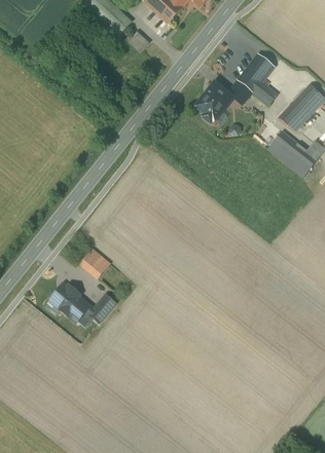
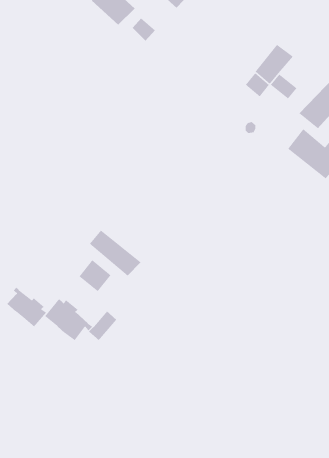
building: [195,82,231,119] -> none
building: none -> [89,229,141,276]
building: none -> [7,286,47,328]

